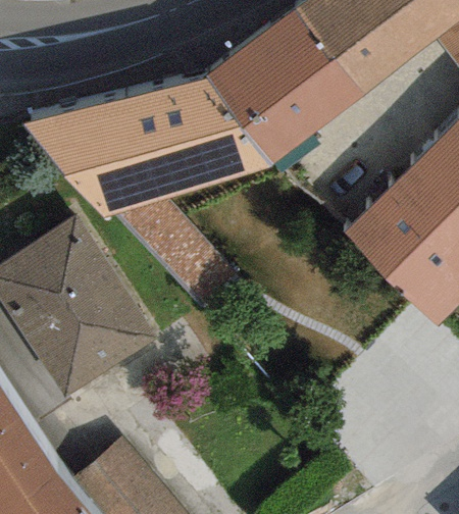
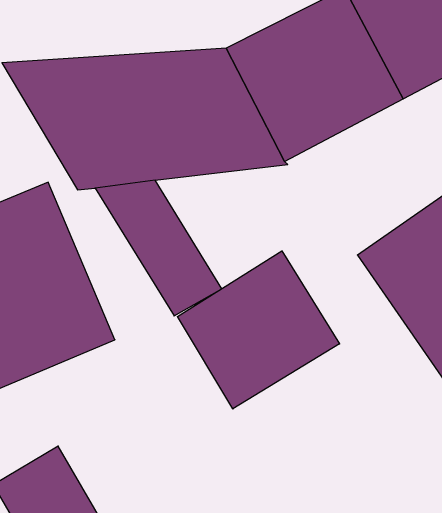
building: none -> [177,251,340,409]

